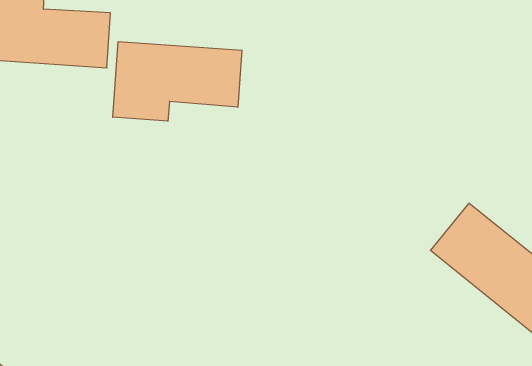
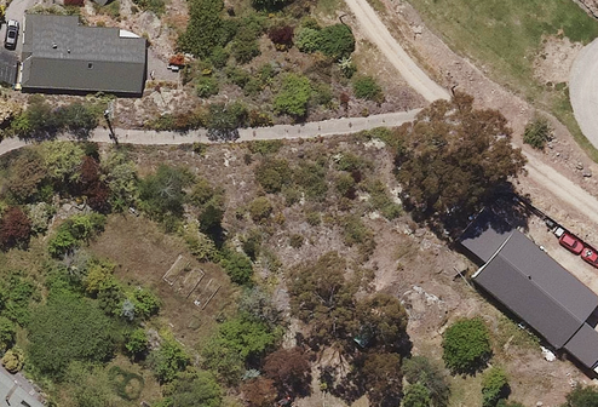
building: [113,42,242,121] -> none

